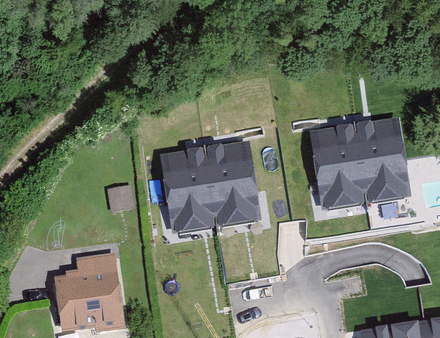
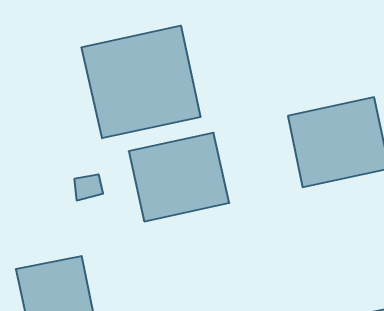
building: none -> [82,26,200,138]

